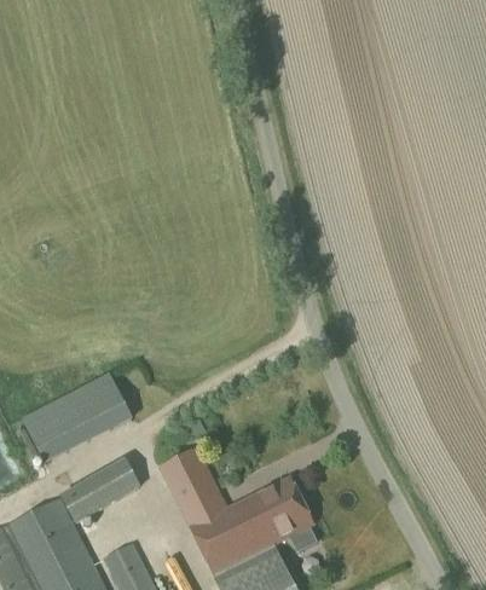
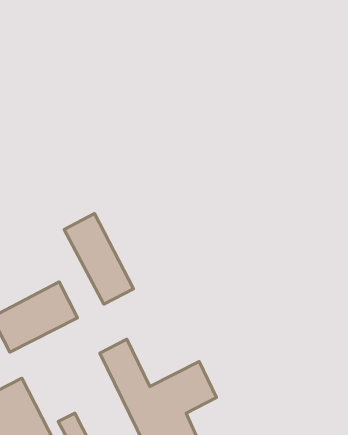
building: none -> [64,214,134,304]
building: [58,459,139,525] -> none

